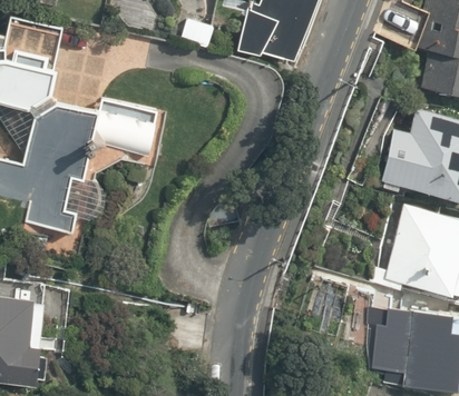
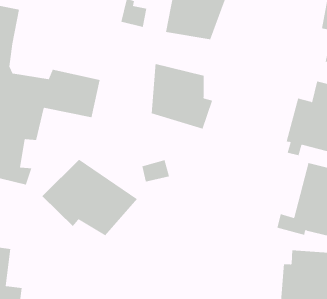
building: none -> [151,63,213,130]
building: none -> [42,159,138,236]

